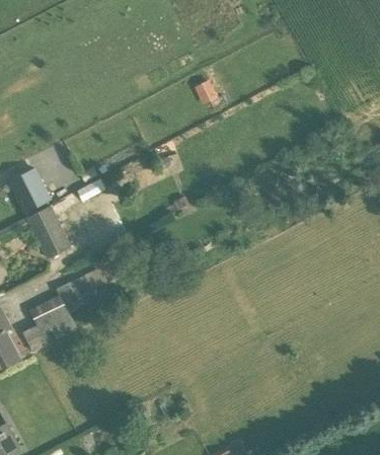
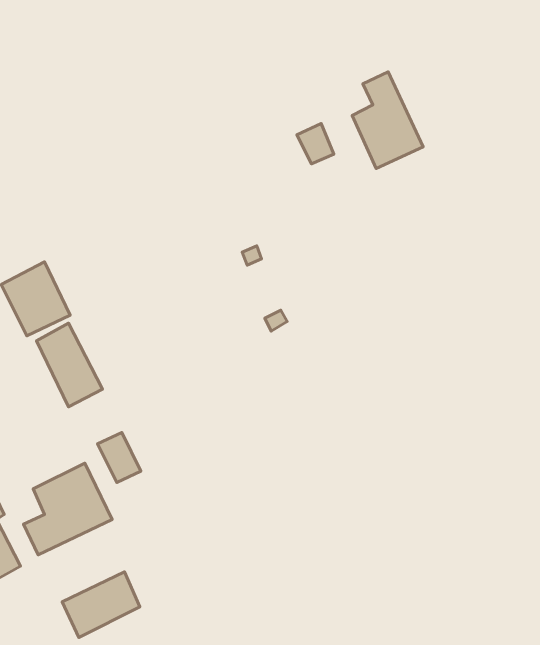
building: none -> [352,72,423,168]
building: none -> [62,572,140,637]

